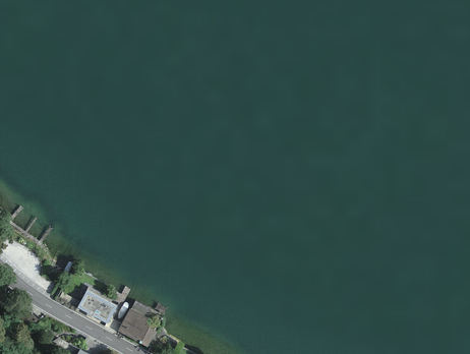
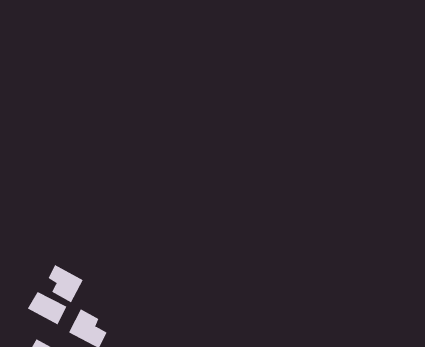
building: none -> [48,264,84,303]

